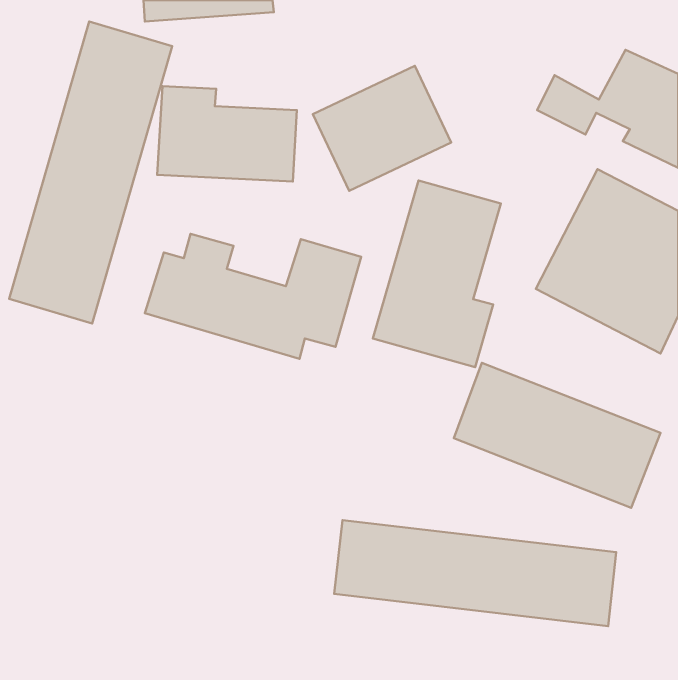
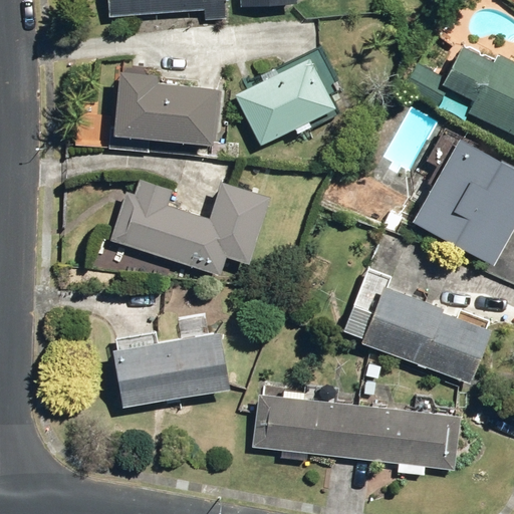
building: [9,22,172,324] -> none
building: [373,180,501,367] -> none
building: none -> [114,332,233,408]

